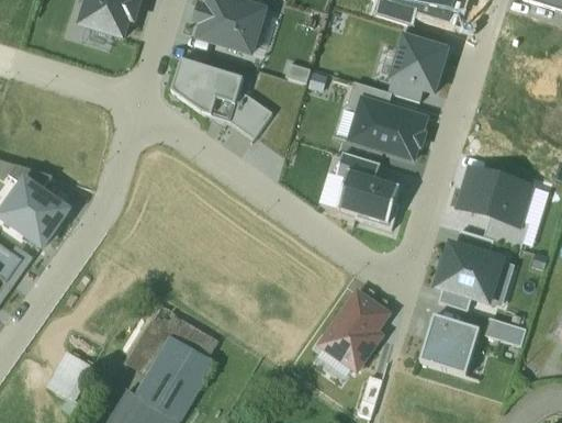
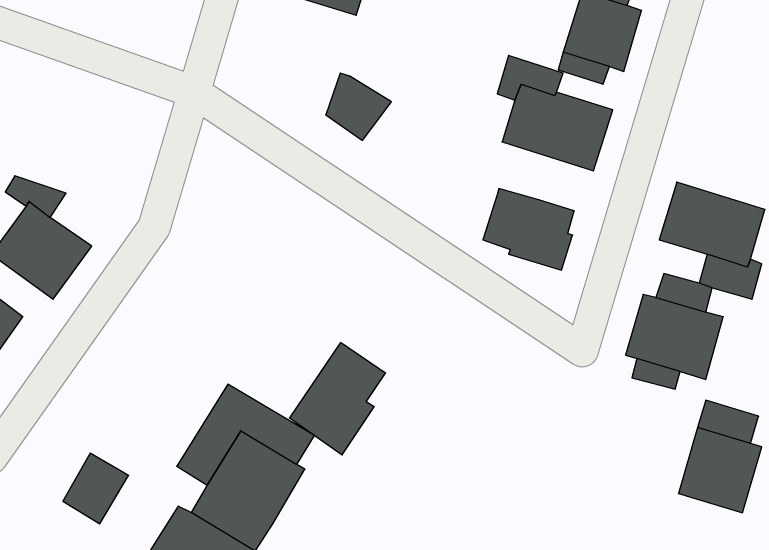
building: [171,59,243,121] -> none
building: [335,151,380,179] -> none
building: [321,291,386,368] -> [289,343,386,455]
building: [420,315,477,374] -> [678,428,762,513]

